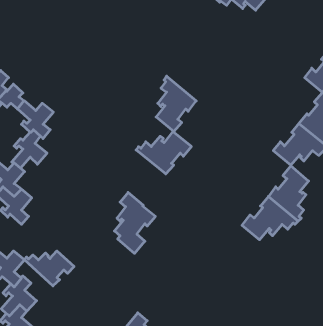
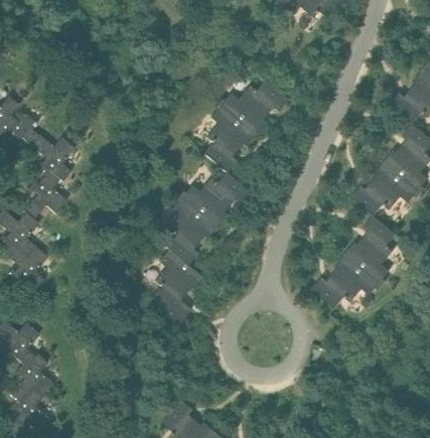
building: none -> [218,79,288,133]
building: none -> [165,194,217,264]
building: [25,251,74,286] -> none

